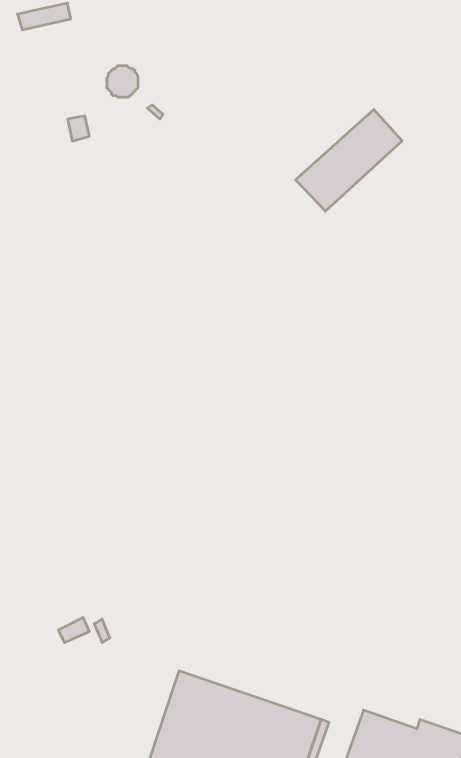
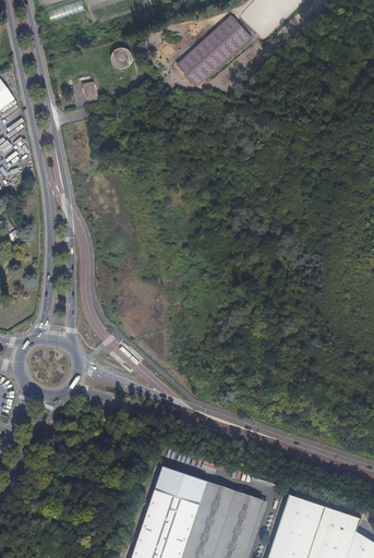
building: [296,109,402,211] -> [178,15,252,86]

